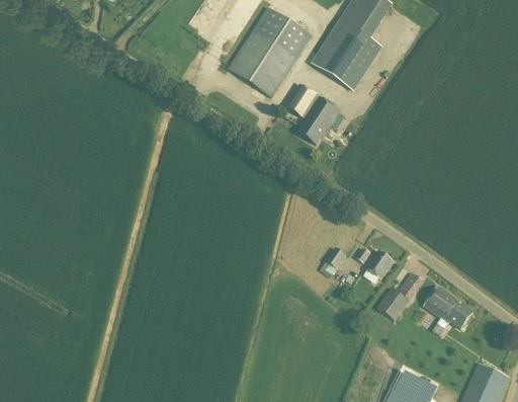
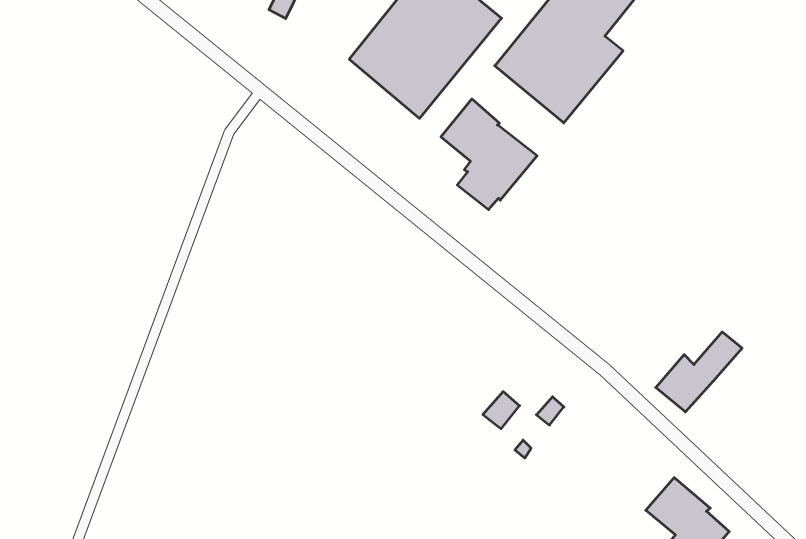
building: [365,251,394,278] -> none
building: [376,272,423,320] -> [656,332,742,412]

